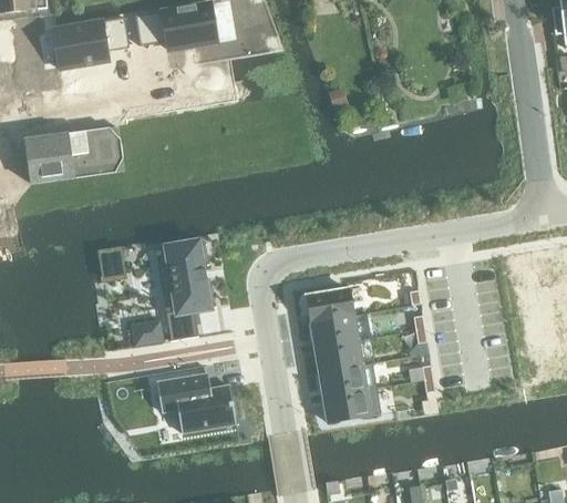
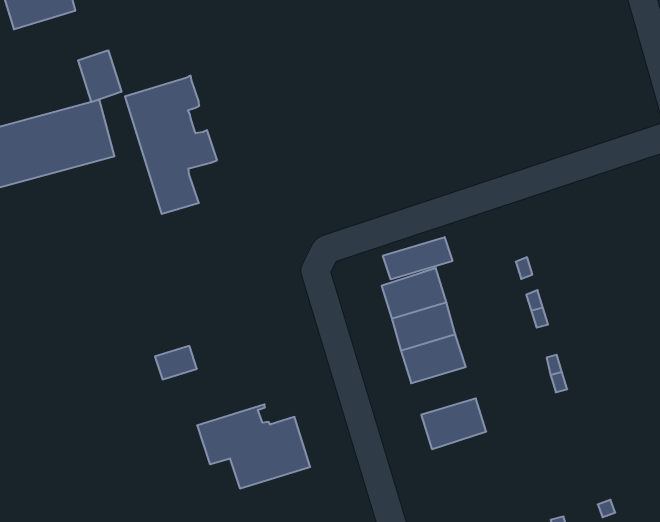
building: none -> [78,50,121,102]
building: [156,239,218,339] -> [125,76,217,214]
building: none -> [383,237,452,279]
building: [319,363,365,394] -> none

